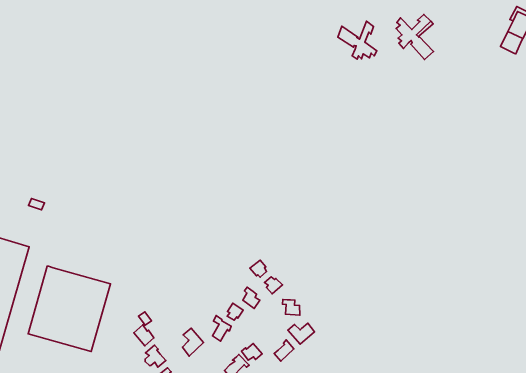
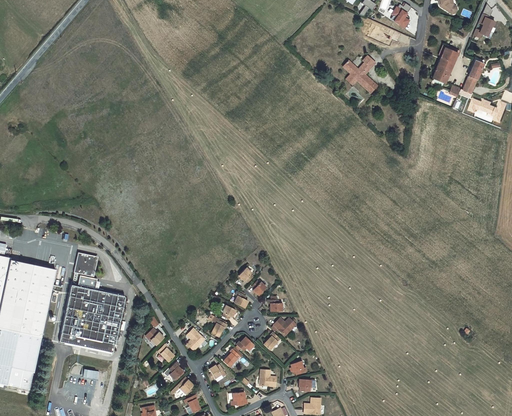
building: [338,21,377,59] -> none
building: none -> [74,253,98,277]

